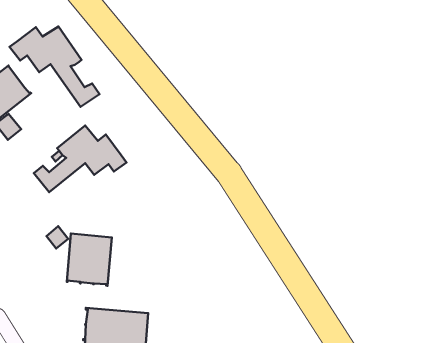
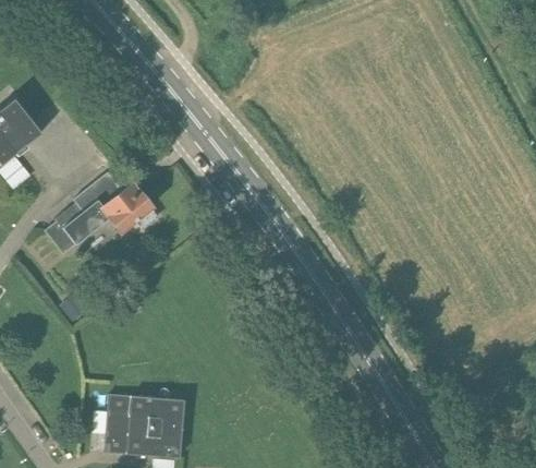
building: [10,26,100,107] -> none
building: [67,233,112,286] -> none

